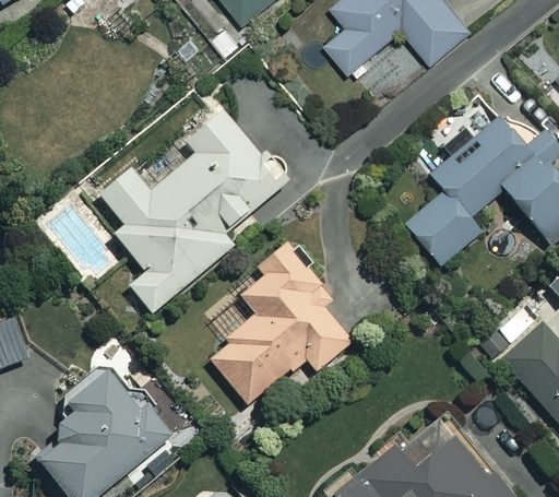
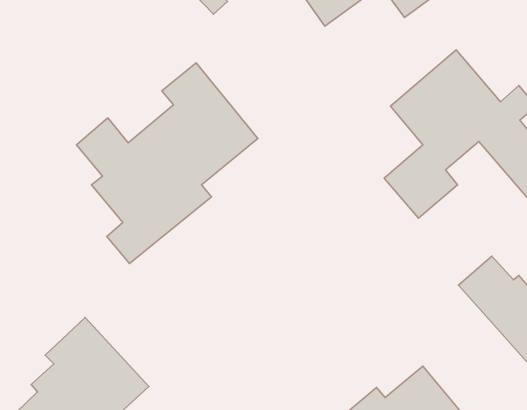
building: [210,246,355,407] -> none

